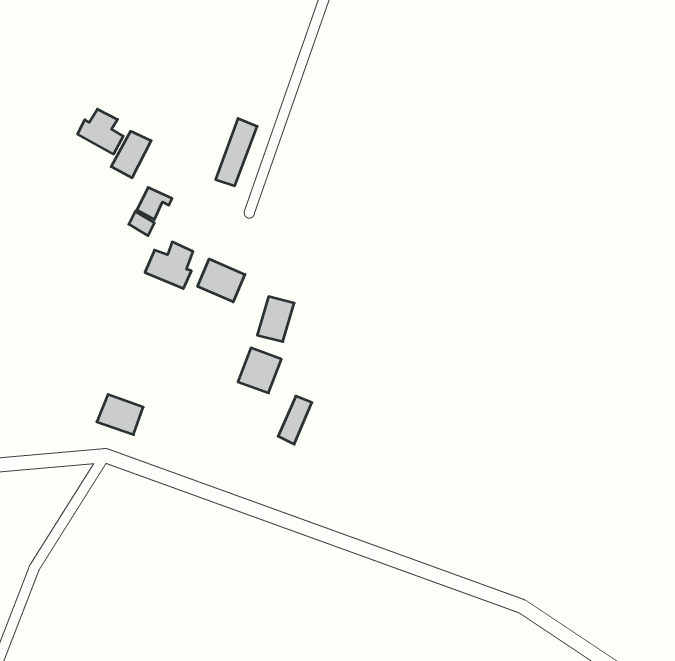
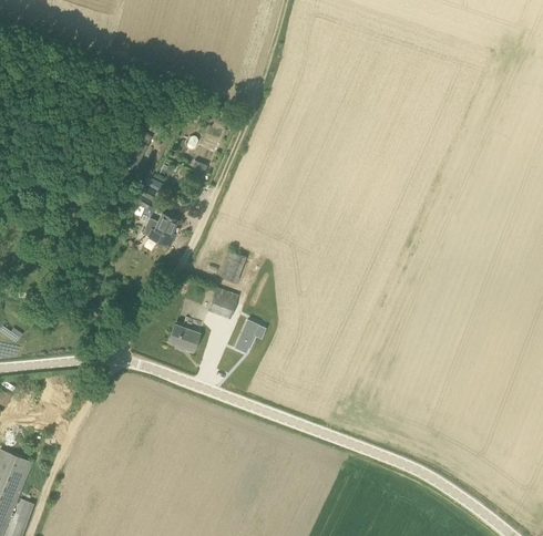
building: [78,109,123,154] -> none
building: [198,259,245,302] -> none
building: [97,394,143,435] -> [167,324,199,352]

